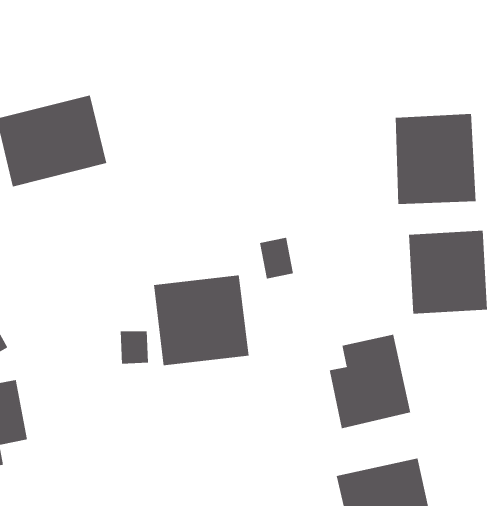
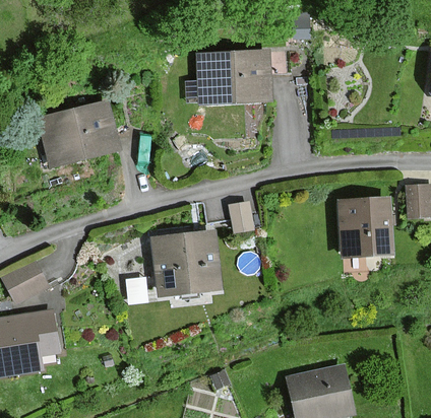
building: none -> [198,49,270,103]
building: [395,113,476,205] -> none
building: [329,334,411,429] -> none

